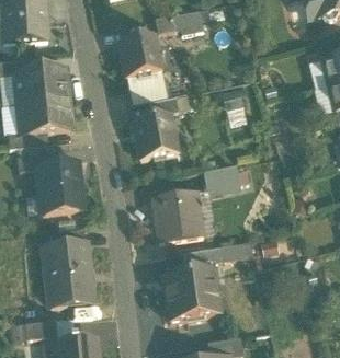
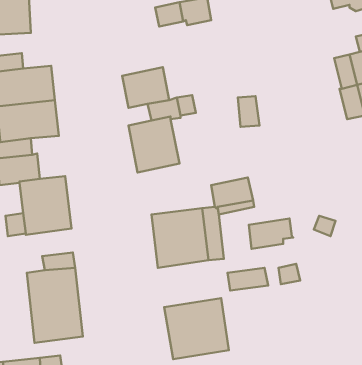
building: [118,32,161,76] -> none
building: [182,245,220,272] -> [249,218,293,249]

